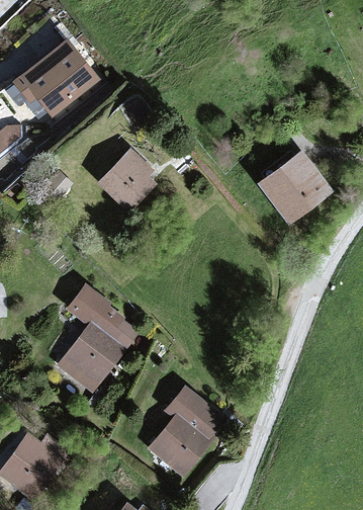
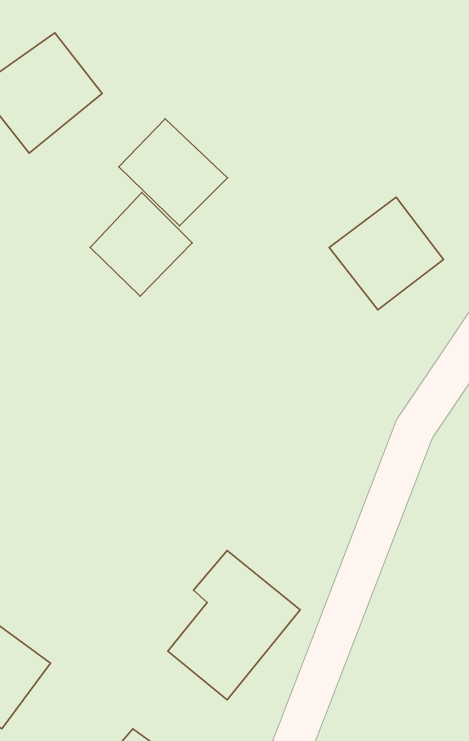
building: none -> [119,119,227,226]
building: [55,284,145,396] -> none

